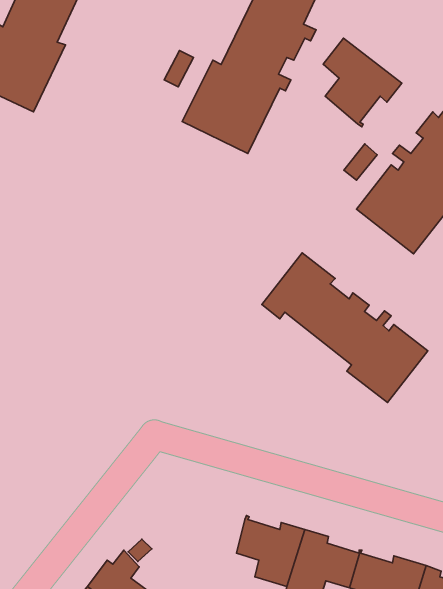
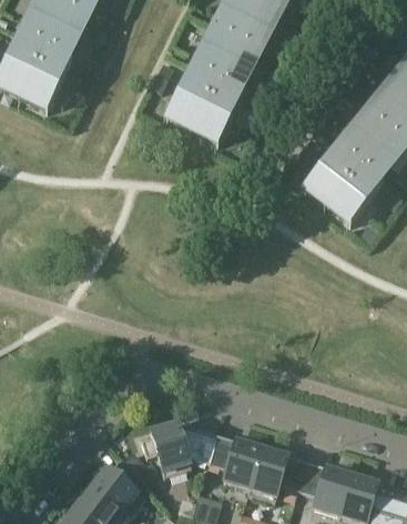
building: [323,38,402,127] -> none
building: [262,253,428,403] -> none
building: none -> [140,423,214,476]

